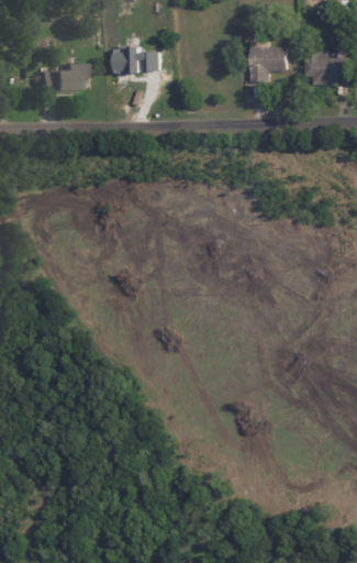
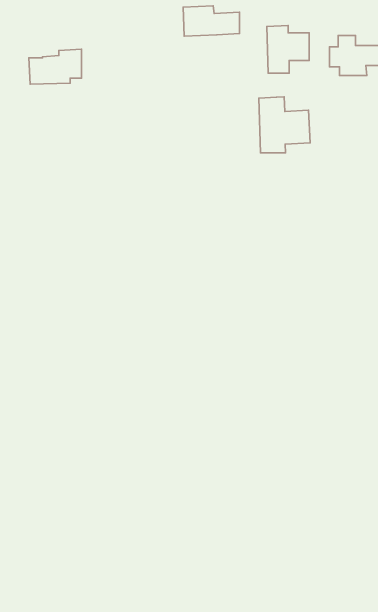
building: [107,45,156,71] -> [183,6,239,36]
building: none -> [259,97,310,153]

